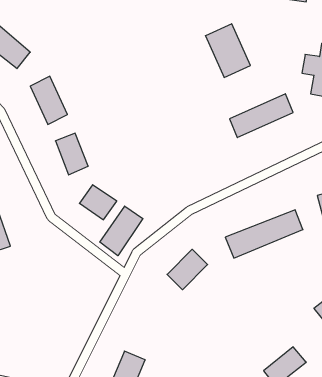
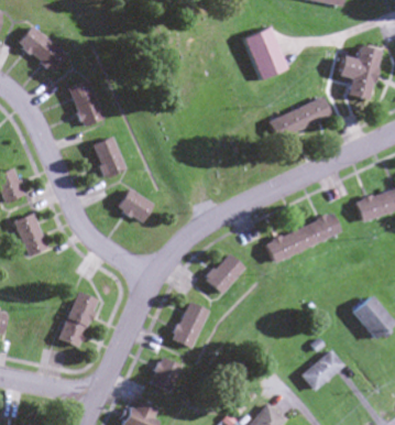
building: [100,206,143,256] -> none
building: none -> [58,292,99,348]
building: none -> [171,302,209,350]

